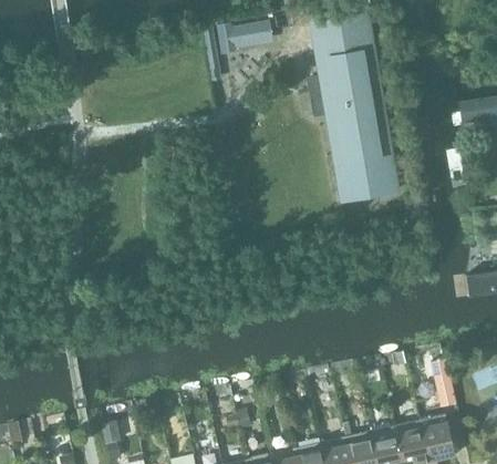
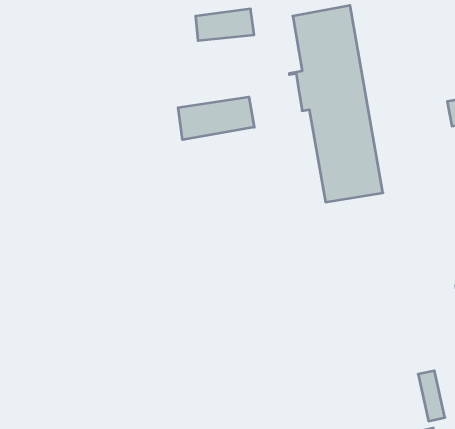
building: none -> [178,97,254,140]

